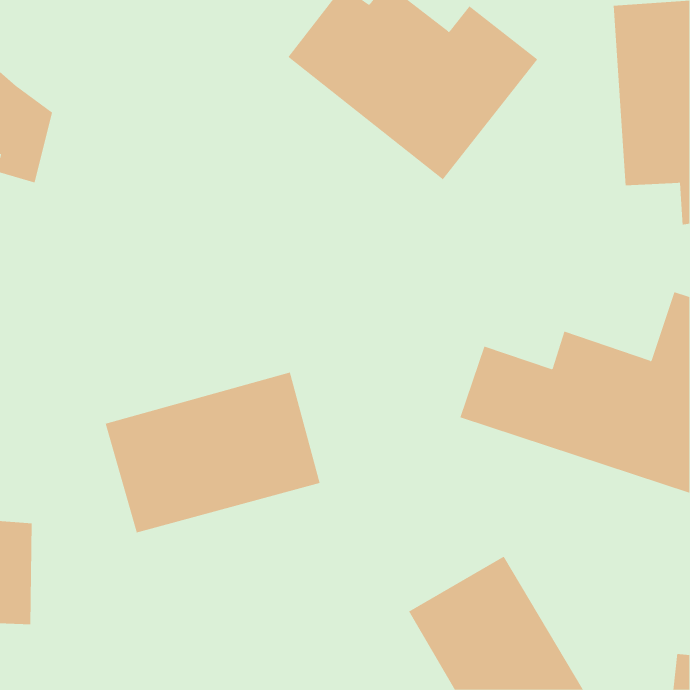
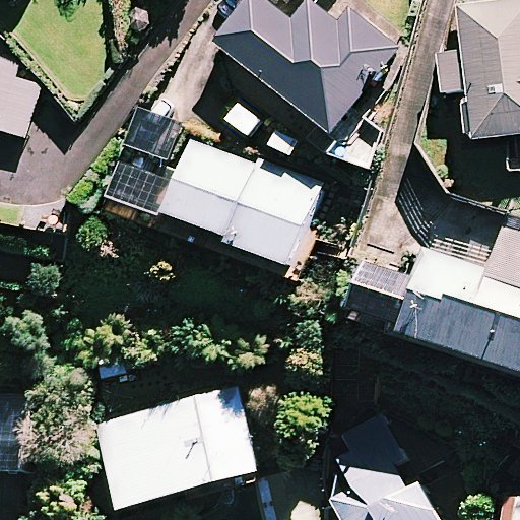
building: none -> [105,138,318,264]
building: [105,372,320,533] -> [95,386,257,507]

